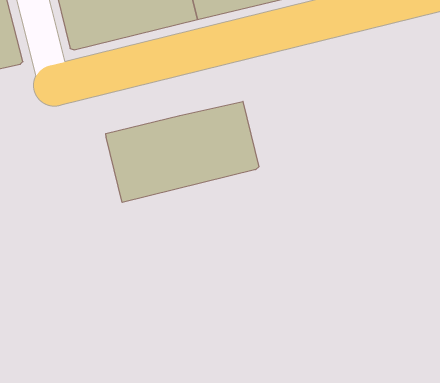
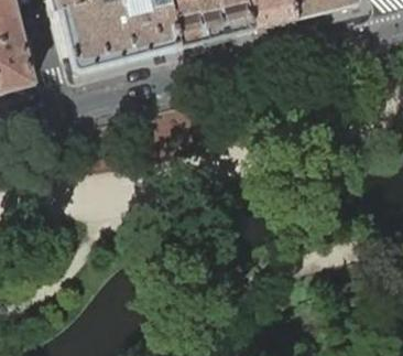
building: [106,101,259,202] -> none

